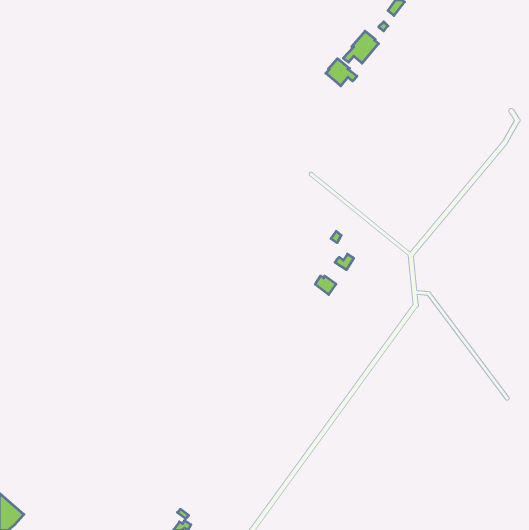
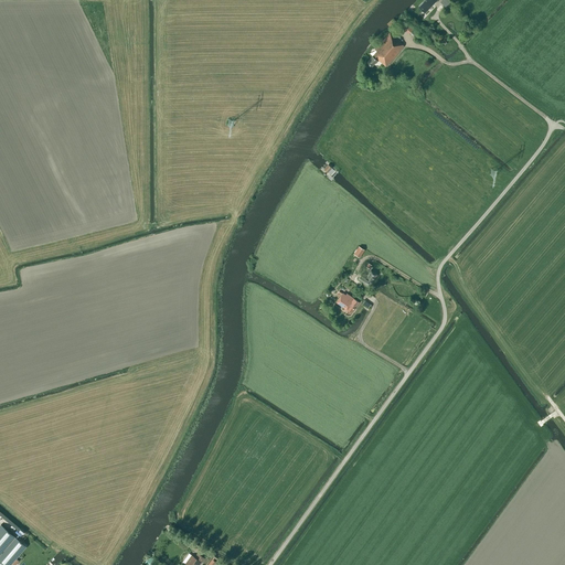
building: [326,59,357,86] -> none

